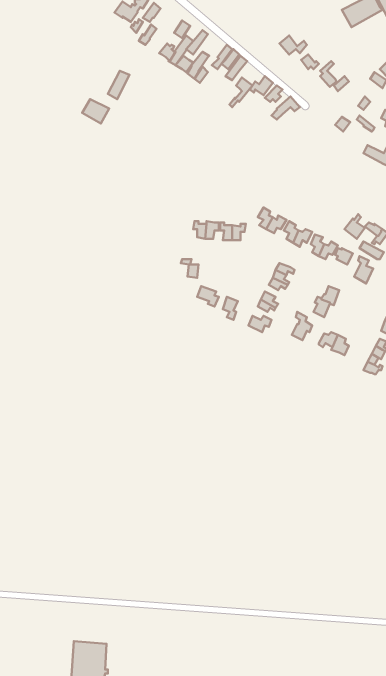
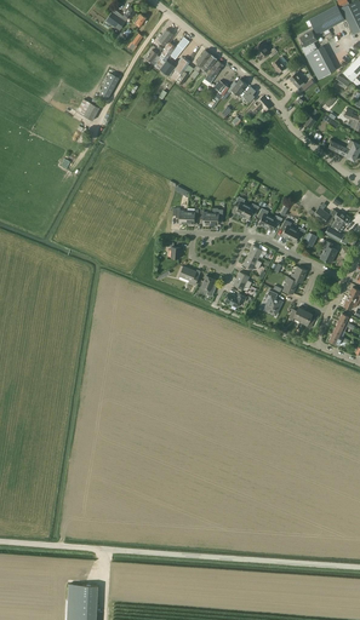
building: none -> [298,30,336,80]

